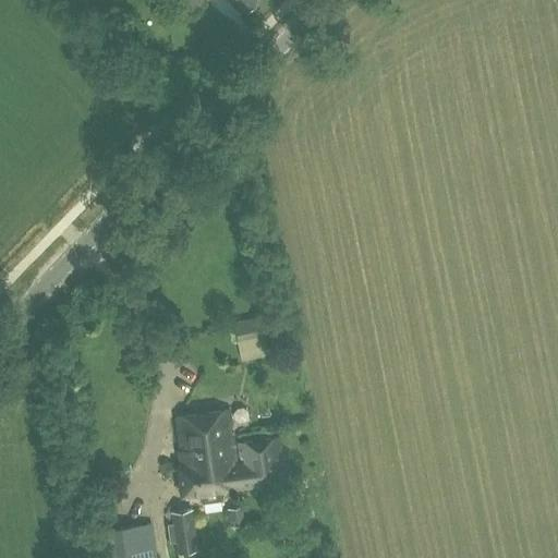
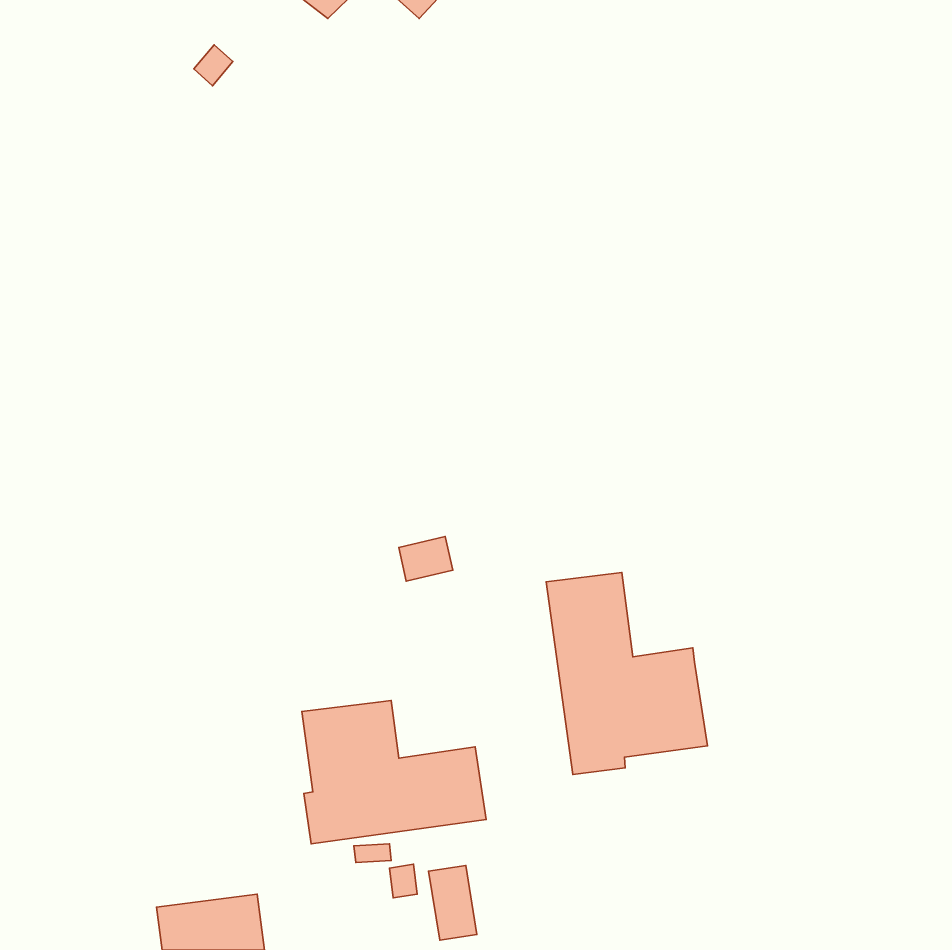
building: none -> [546,573,707,774]
building: [170,508,198,551] -> [429,865,477,940]

